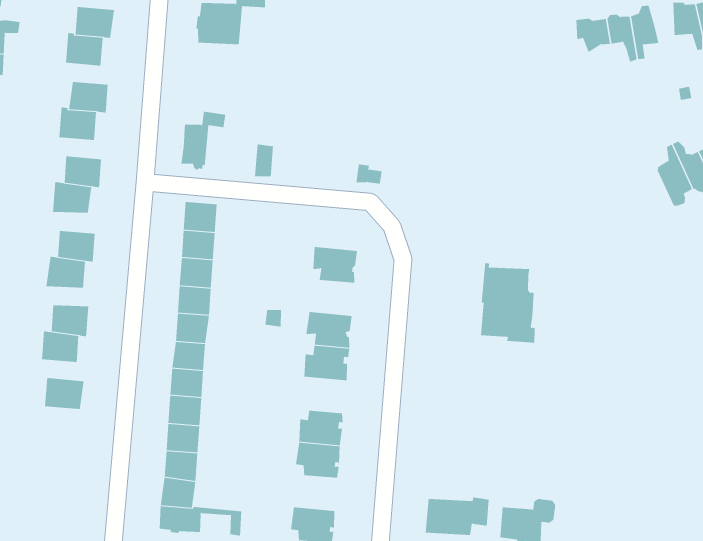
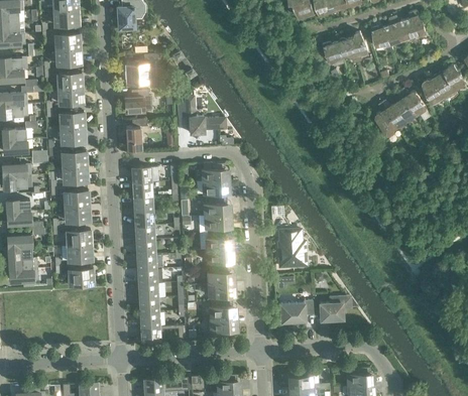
building: none -> [123,91,148,114]
building: none -> [176,97,218,134]
building: none -> [201,163,225,182]
building: [480,263,535,343] -> [275,230,308,269]
building: none -> [203,199,227,217]
building: none -> [206,250,229,268]
building: none -> [209,301,232,319]

